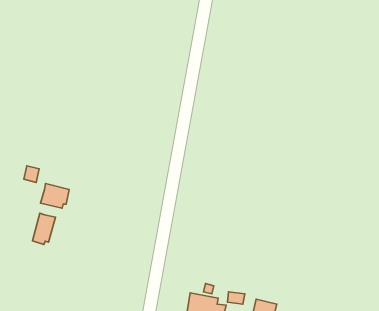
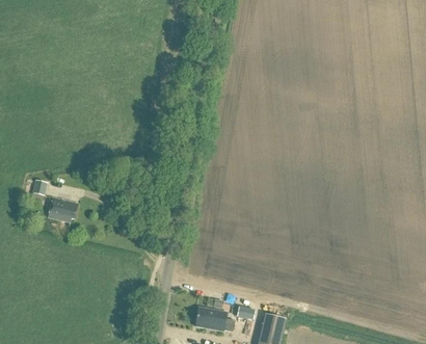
building: [33,213,56,244] -> none

